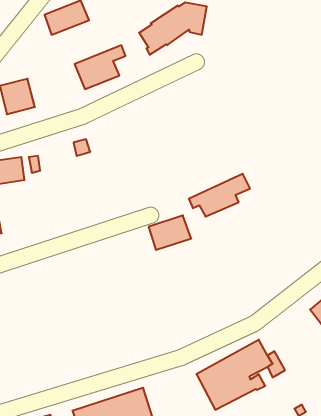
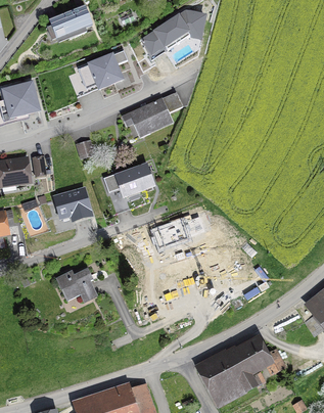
building: none -> [103,165,152,194]
building: [189,174,250,217] -> [122,91,182,133]
building: none -> [55,189,90,218]
building: none -> [55,267,96,300]

